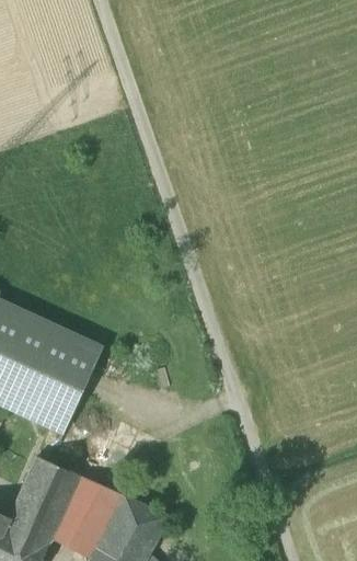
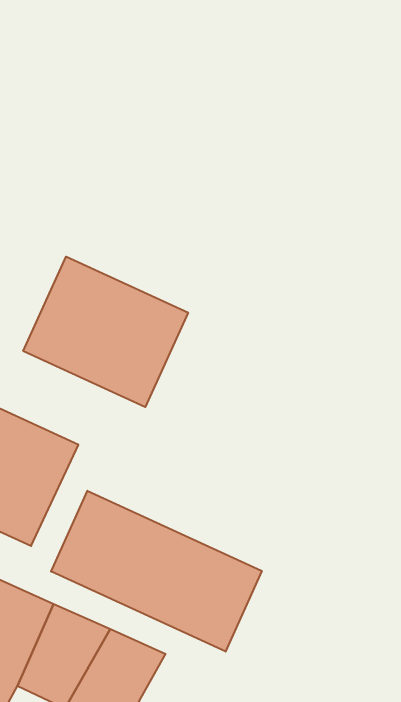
building: none -> [23,257,188,407]
building: none -> [51,491,262,652]

